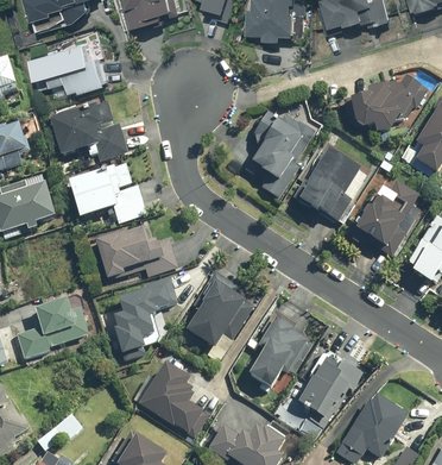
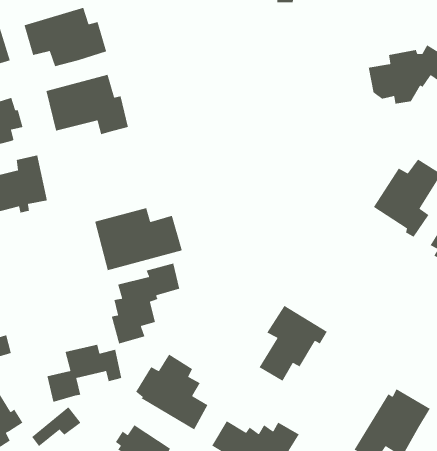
building: [246,109,314,195] -> none
building: [292,146,358,221] -> none
building: [68,165,146,221] -> none
building: [183,269,253,348] -> none
building: [18,302,88,357] -> [46,344,122,403]
building: [296,352,364,419] -> none

